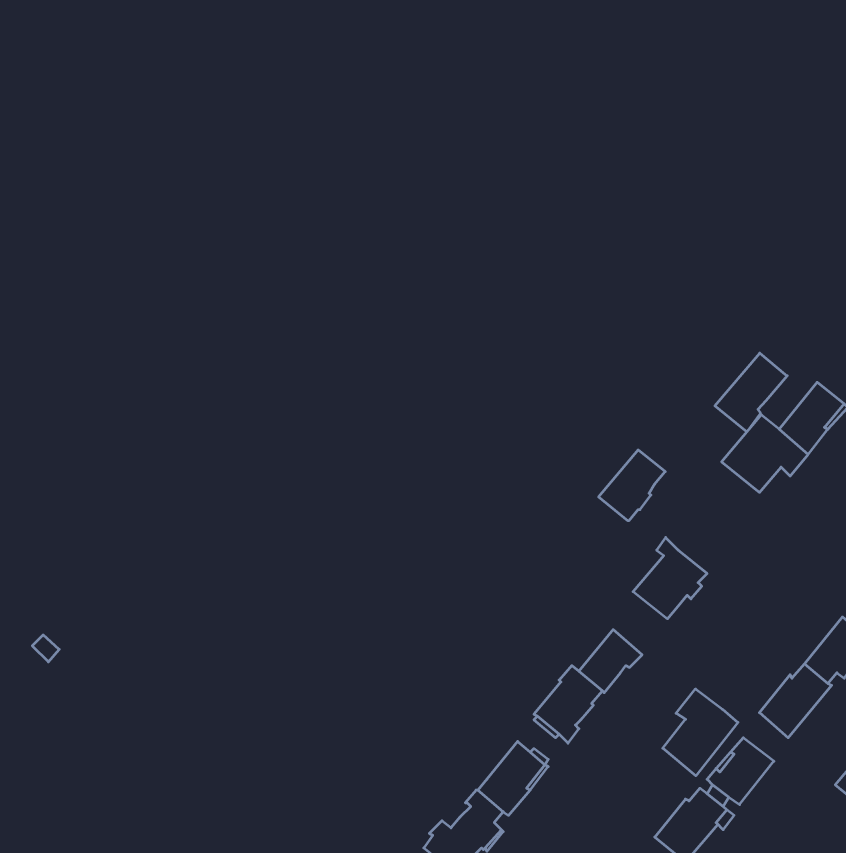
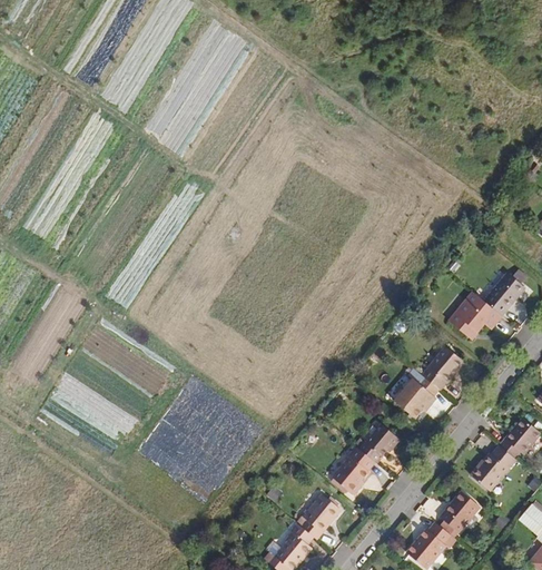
building: [715,353,787,432] -> none
building: [599,450,665,520] -> [421,346,462,390]
building: [663,689,738,776] -> none

